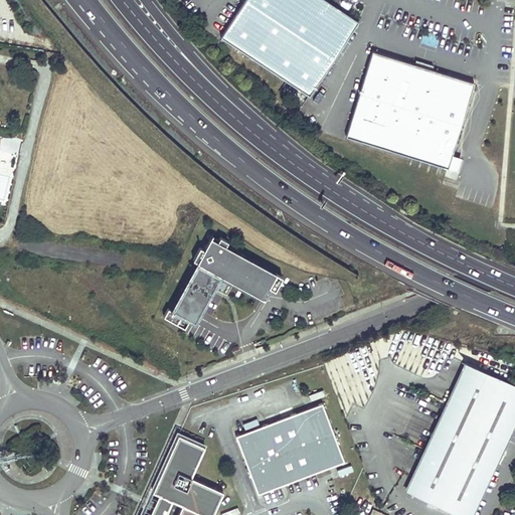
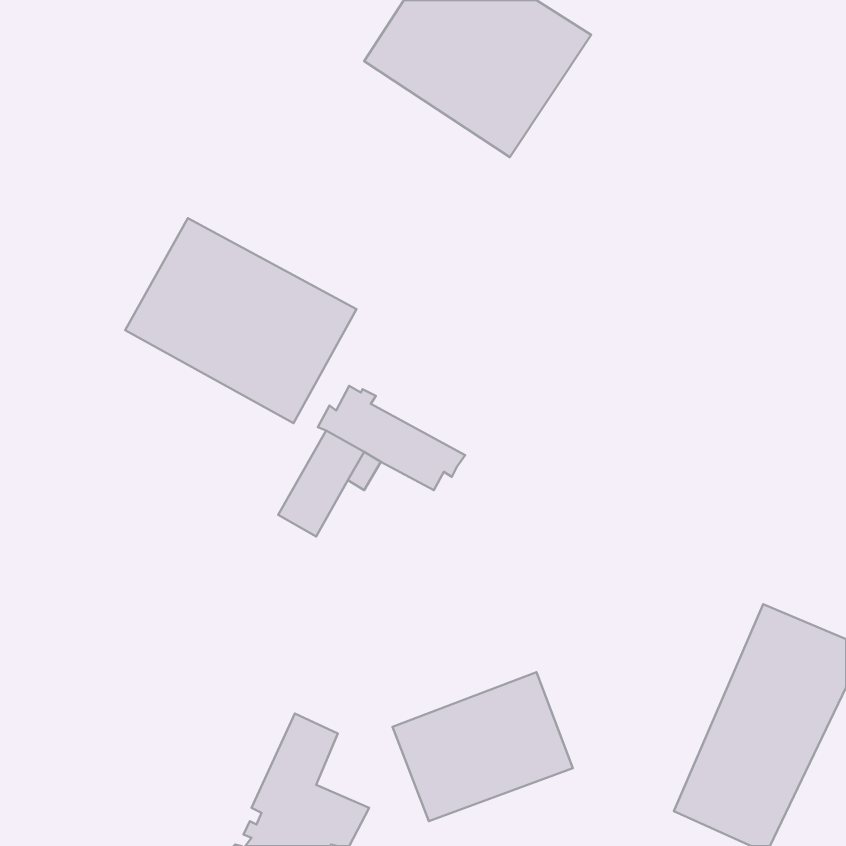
building: [347,51,475,169] -> none
building: none -> [125,218,357,423]

